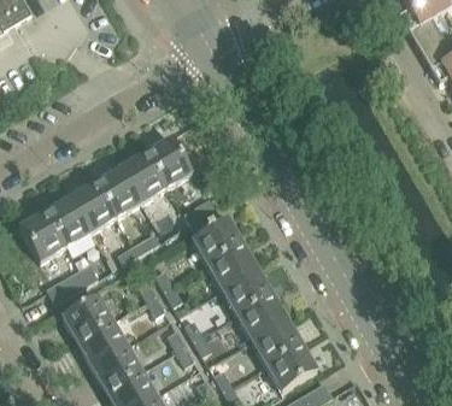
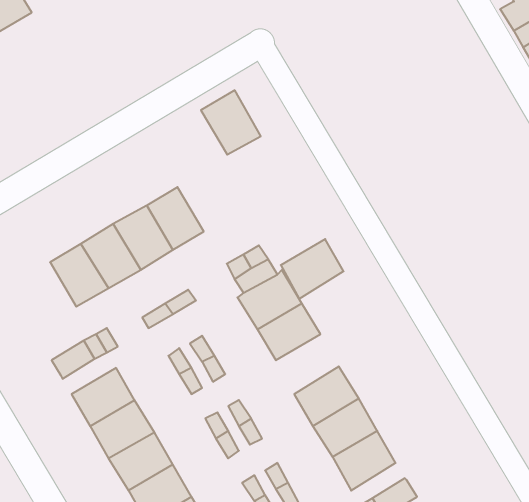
building: [146,136,193,187] -> [201,90,261,155]
building: [19,211,66,261] -> none
building: [223,267,272,314] -> [281,239,344,299]

